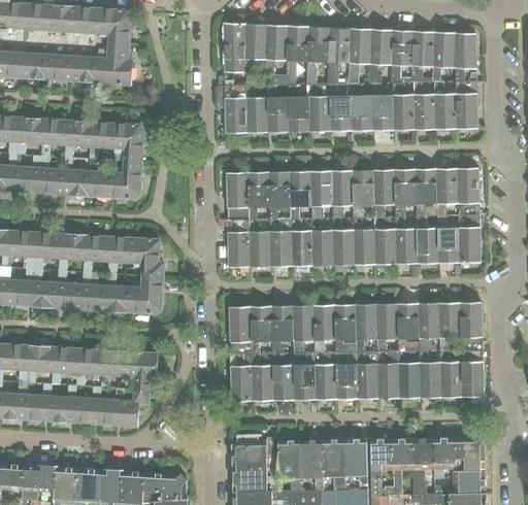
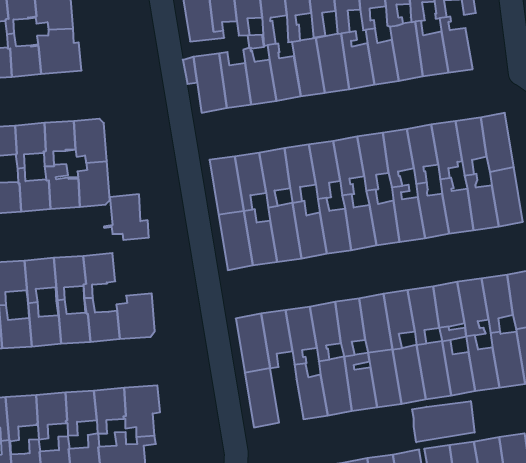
building: [455,80,477,128] -> none
building: [126,238,163,276] -> [104,194,149,240]
building: [252,352,273,399] -> none
building: none -> [412,401,475,442]

